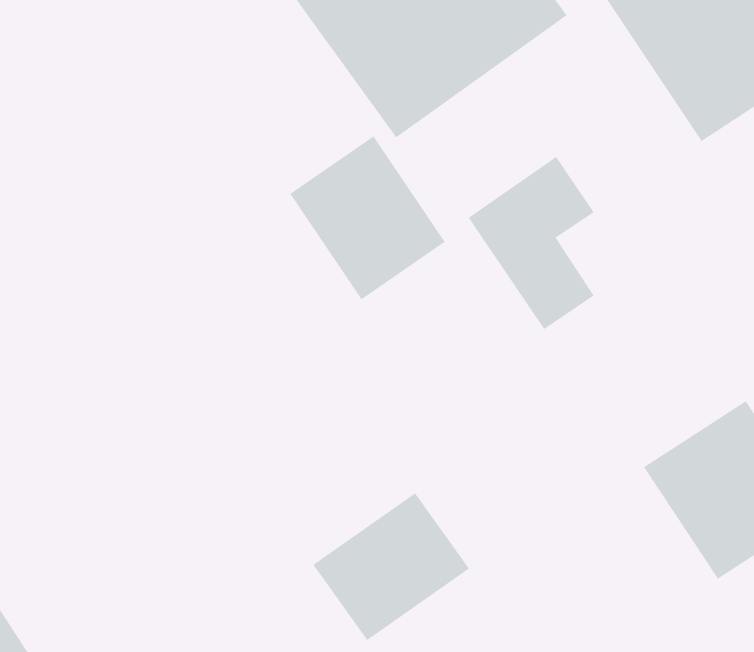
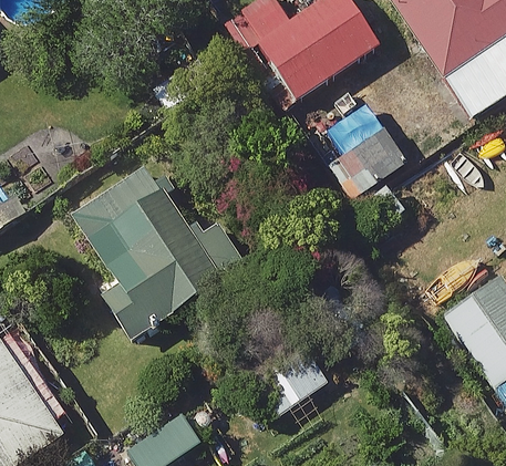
building: [289,135,445,300] -> none
building: none -> [73,164,219,339]

